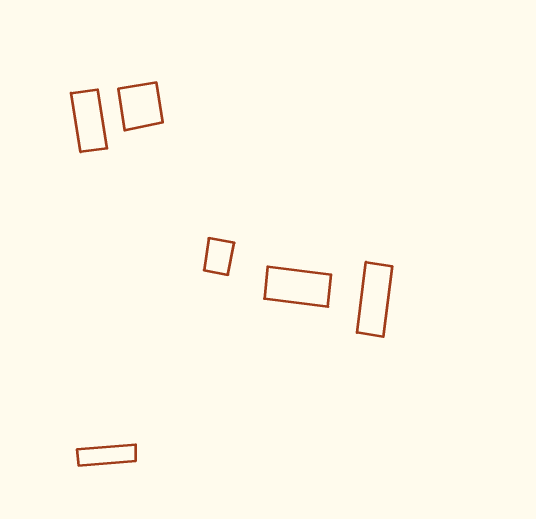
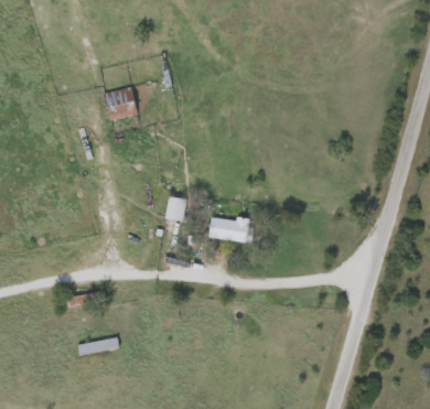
building: [71,90,107,152] -> none
building: [357,262,392,337] -> none

